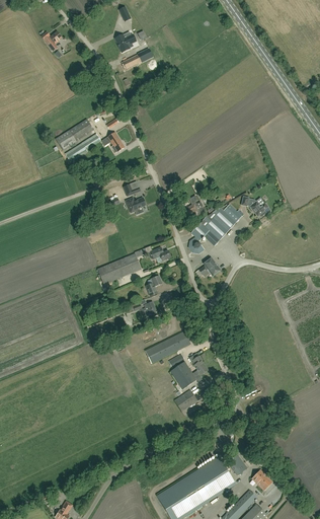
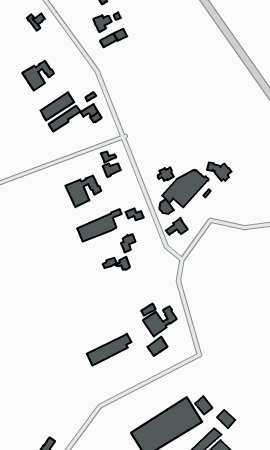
building: none -> [22,61,54,91]
building: none -> [65,175,101,207]
building: [145,328,194,364] -> [87,334,132,366]

